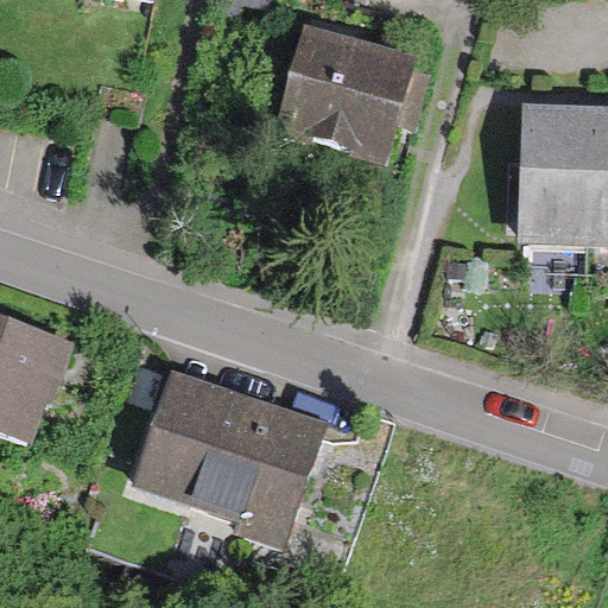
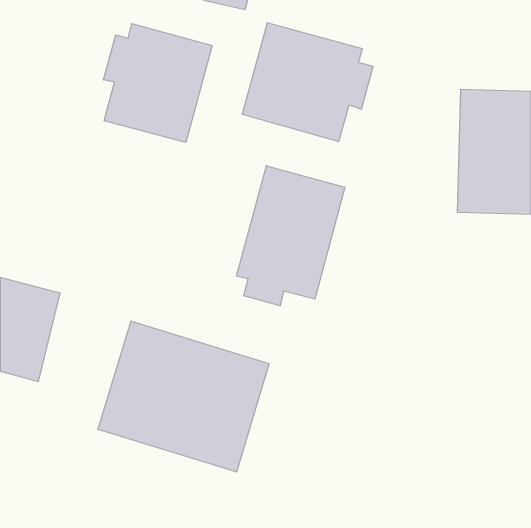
building: none -> [104,24,212,142]
building: none -> [236,166,345,306]

